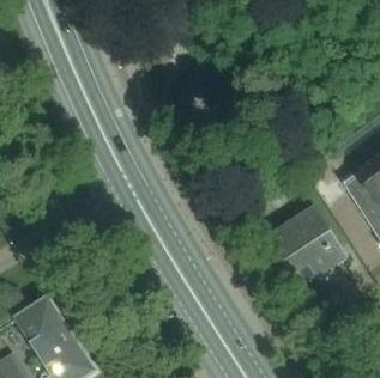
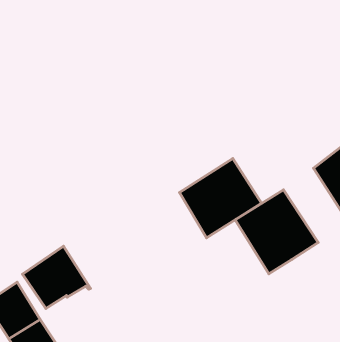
building: none -> [179,159,262,238]
building: none -> [23,246,91,308]

